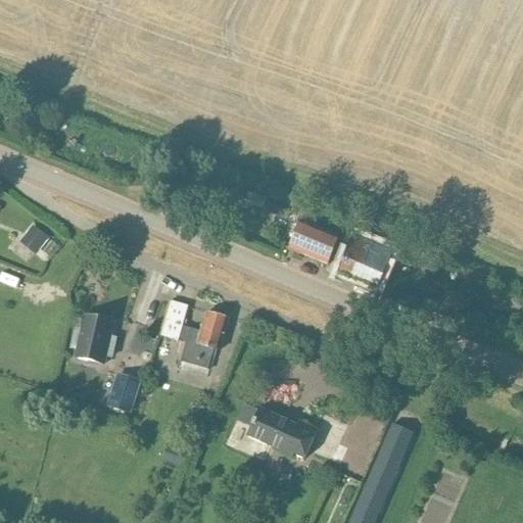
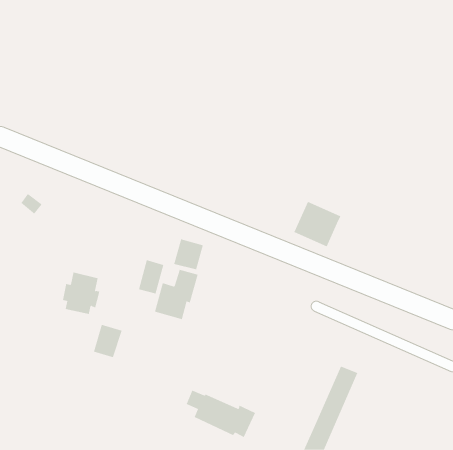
building: [289,222,338,260] -> none
building: none -> [173,239,203,270]
building: [237,402,318,458] -> [186,390,256,438]

